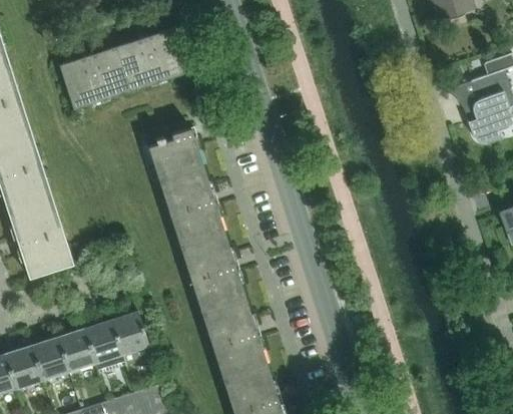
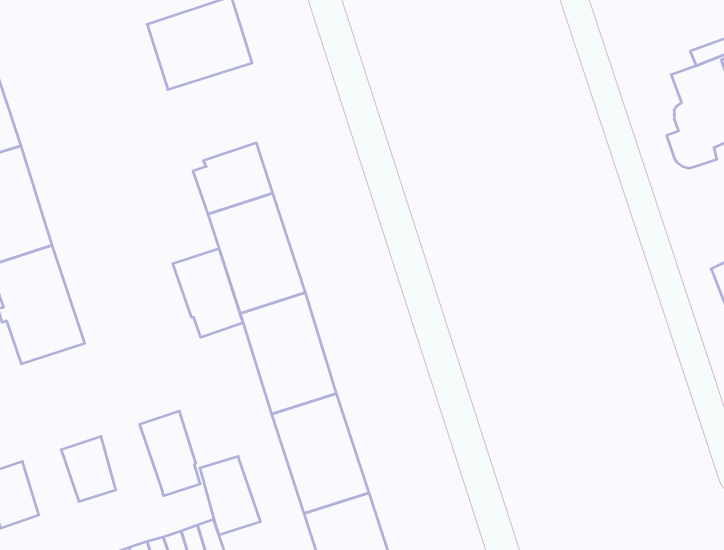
building: [59,47,130,110] -> none
building: none -> [173,249,243,337]
building: [85,318,126,371] -> [200,456,260,535]
building: [32,335,70,379] -> none

